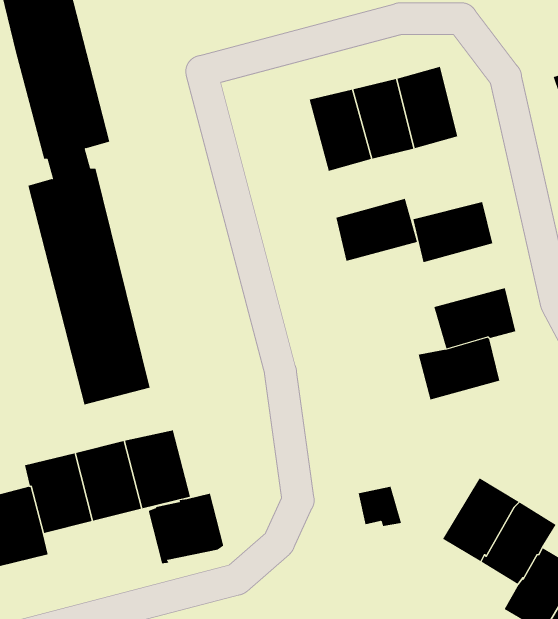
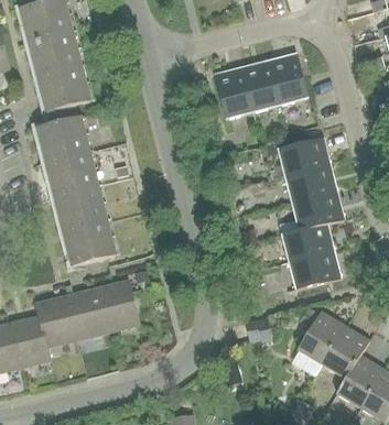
building: [335,198,418,261] -> [285,164,337,204]
building: none -> [290,250,341,290]
building: [148,493,224,564] -> none

